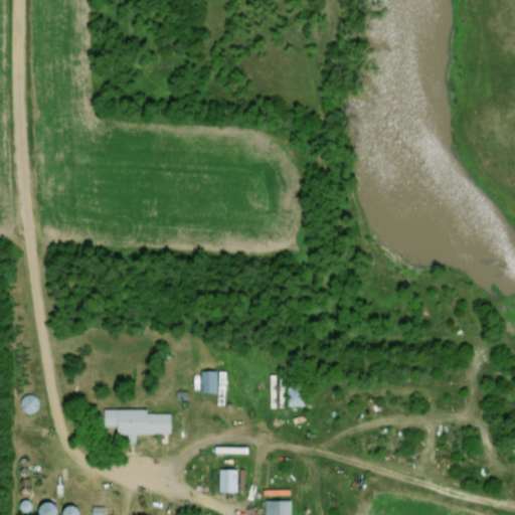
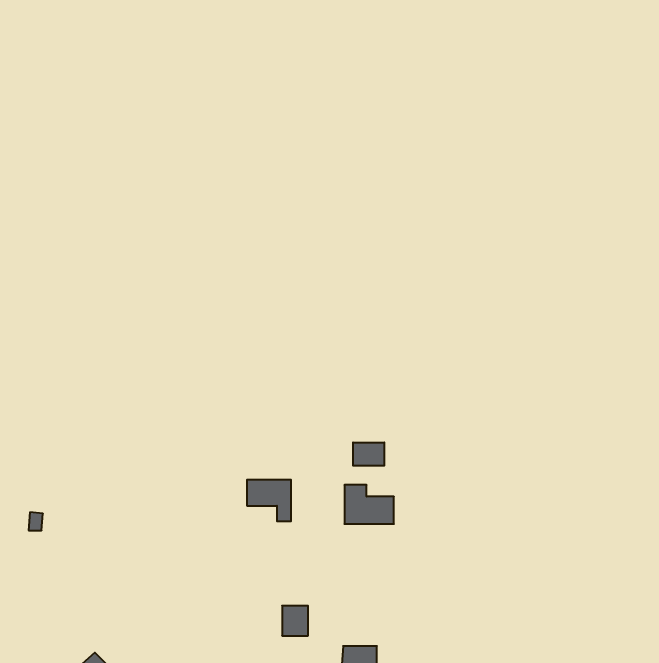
building: none -> [353,442,384,466]
building: [104,409,172,435] -> none

